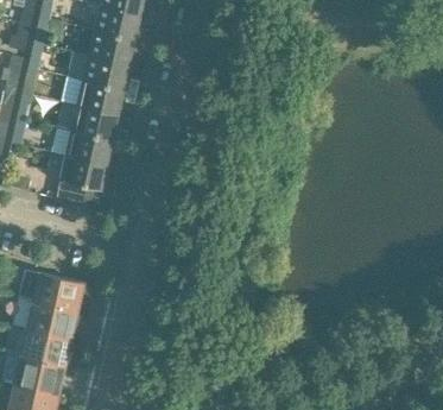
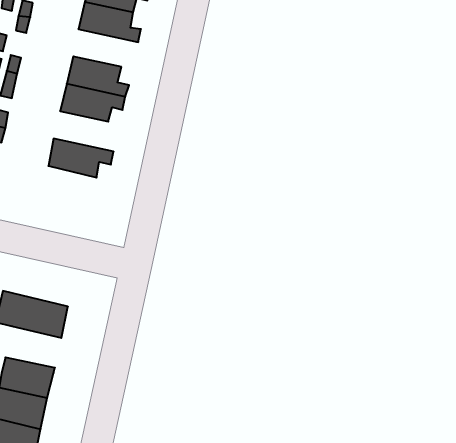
building: [87,30,146,64] -> none
building: [69,105,126,141] -> none
building: [55,154,115,210] -> none
building: [25,301,76,339] -> none

